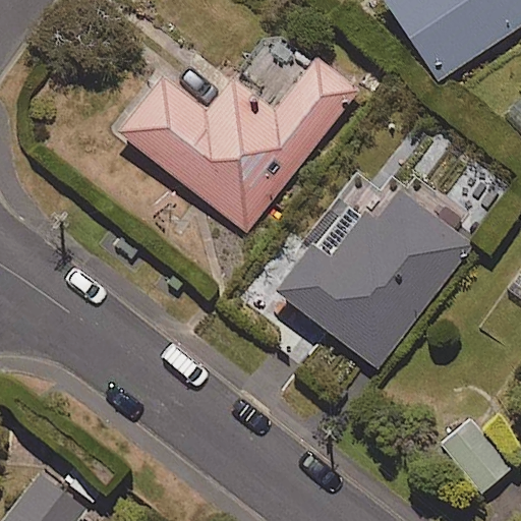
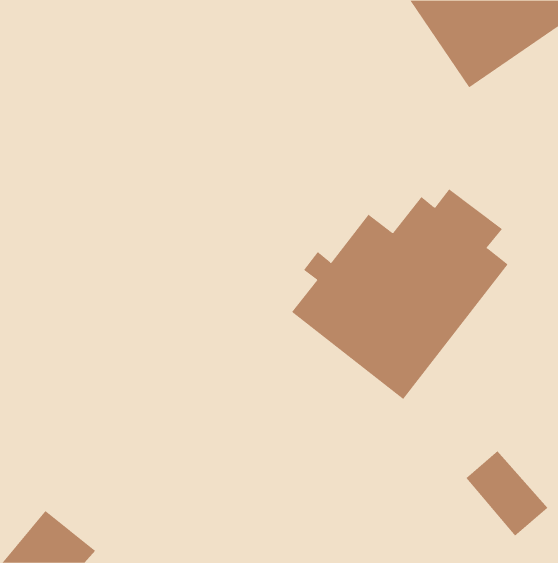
building: [117,55,360,233] -> none

